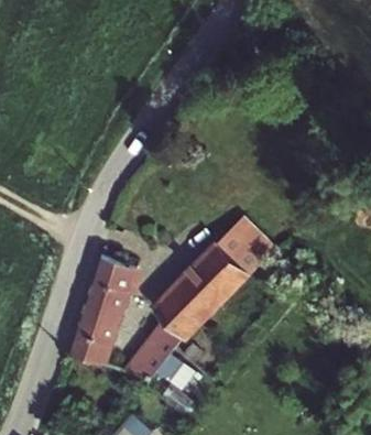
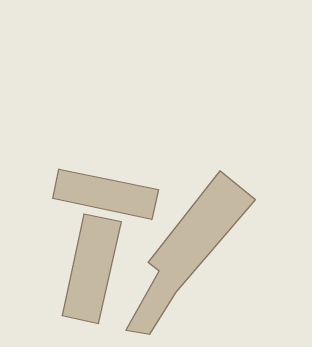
building: none -> [53,169,158,220]

